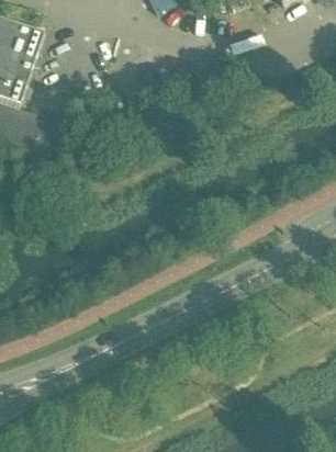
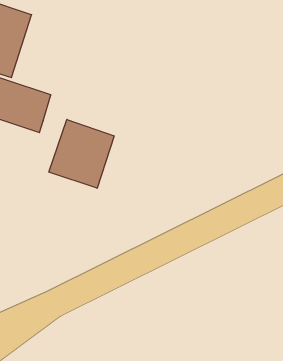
building: none -> [49,119,114,188]

